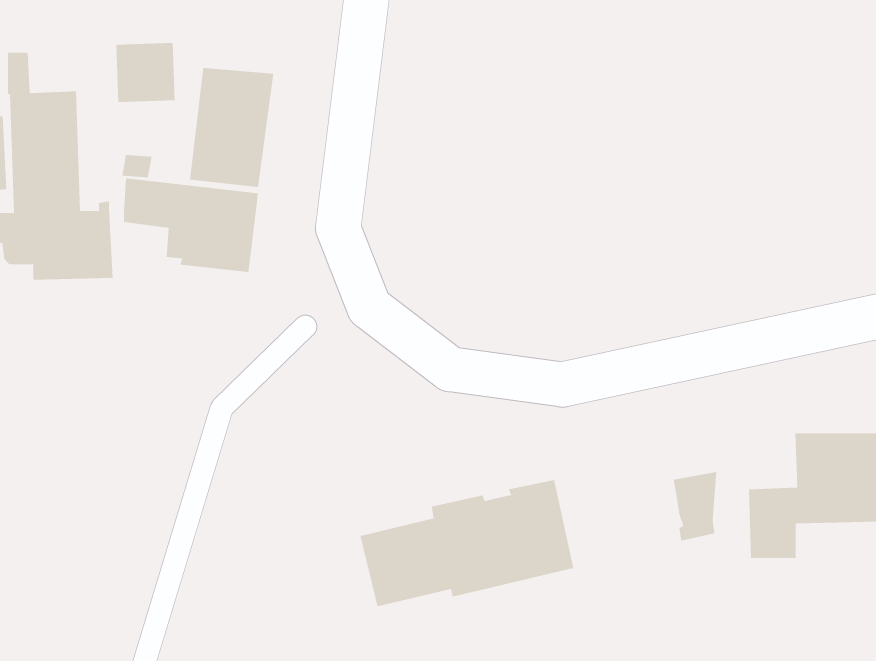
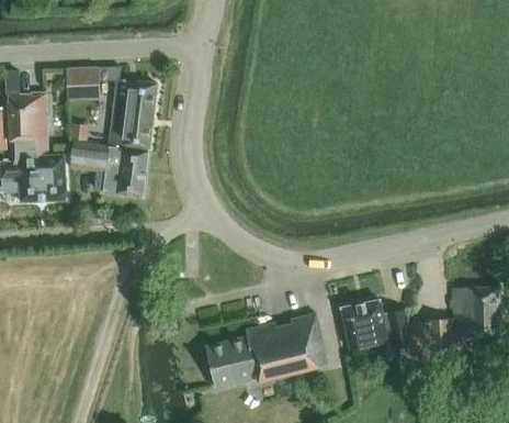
building: none -> [340,300,388,349]

